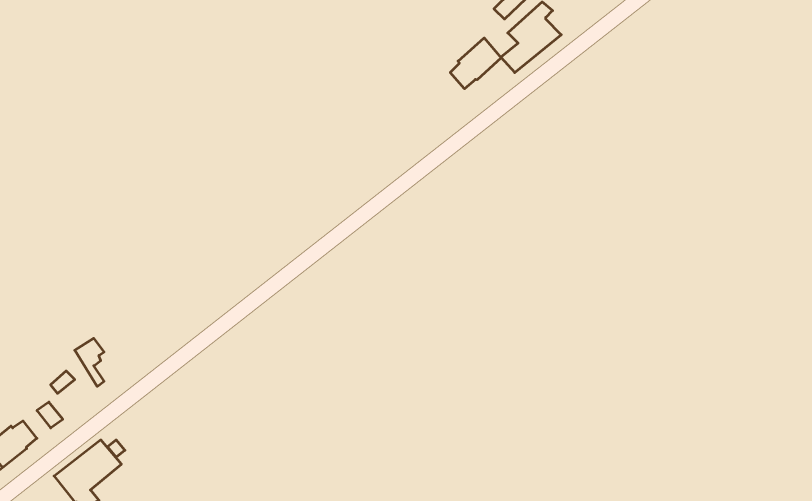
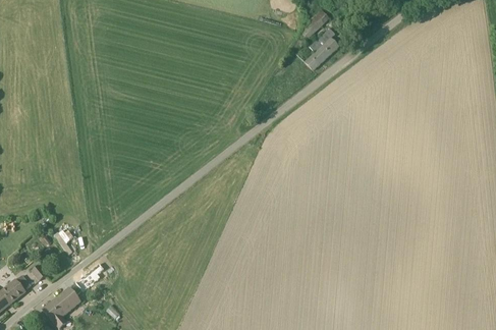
building: [450,38,501,89] -> none

